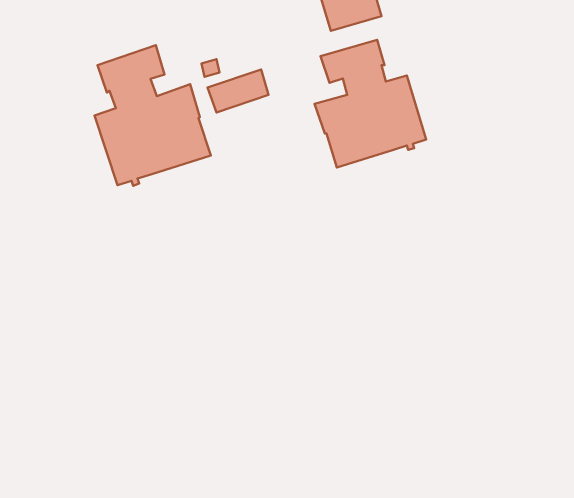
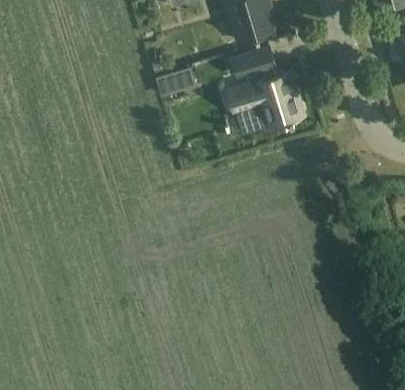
building: [94,45,211,186] -> none

